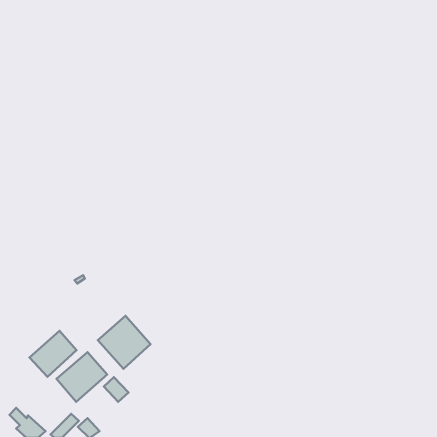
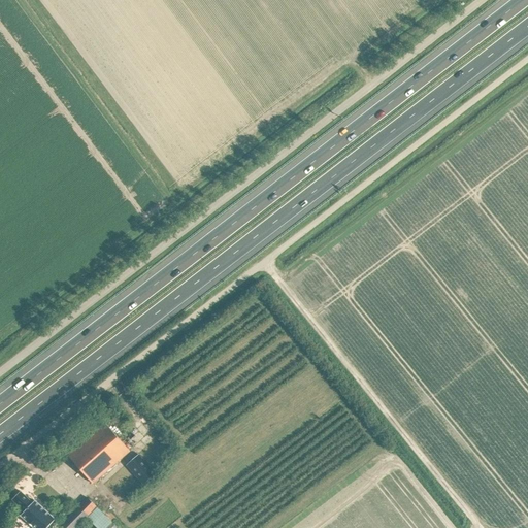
building: [98,316,150,369] -> none
building: [30,331,77,377] -> none

